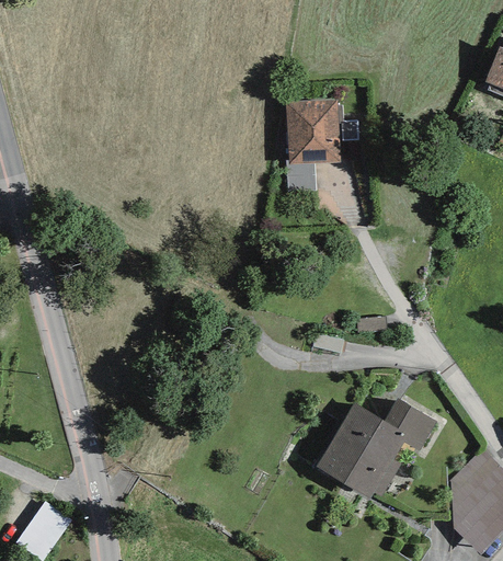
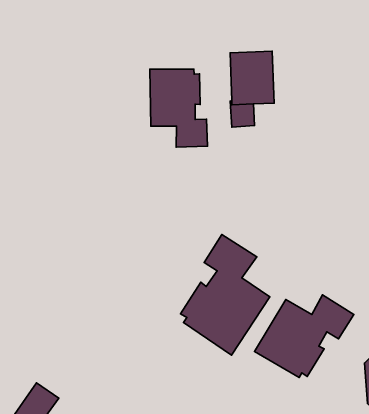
building: none -> [150,69,208,147]
building: none -> [181,235,270,355]

